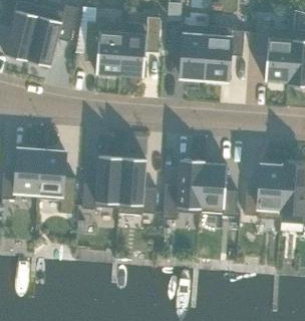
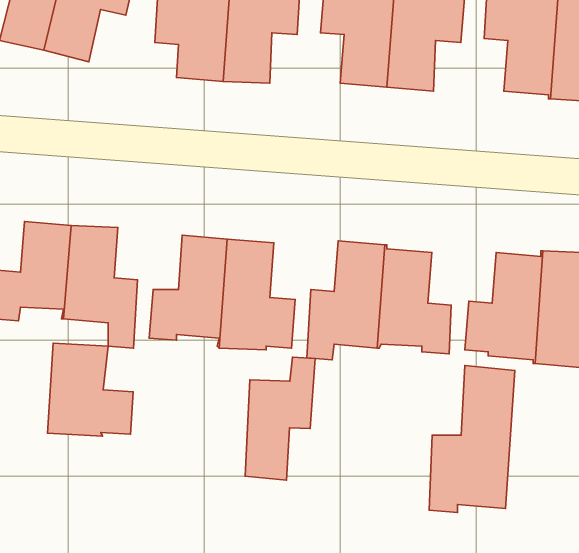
building: none -> [47,343,133,436]
building: none -> [245,357,315,480]
building: none -> [429,366,515,512]

